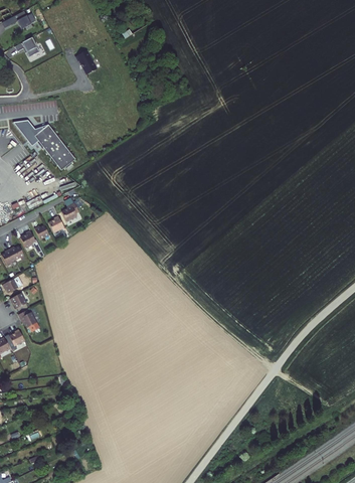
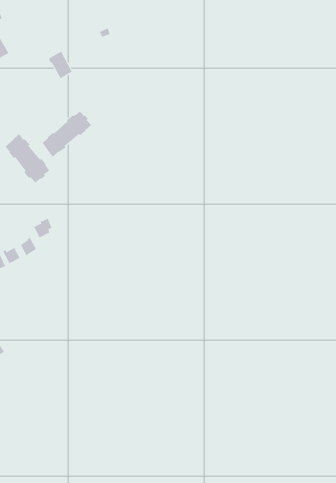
building: none -> [42,110,92,157]

